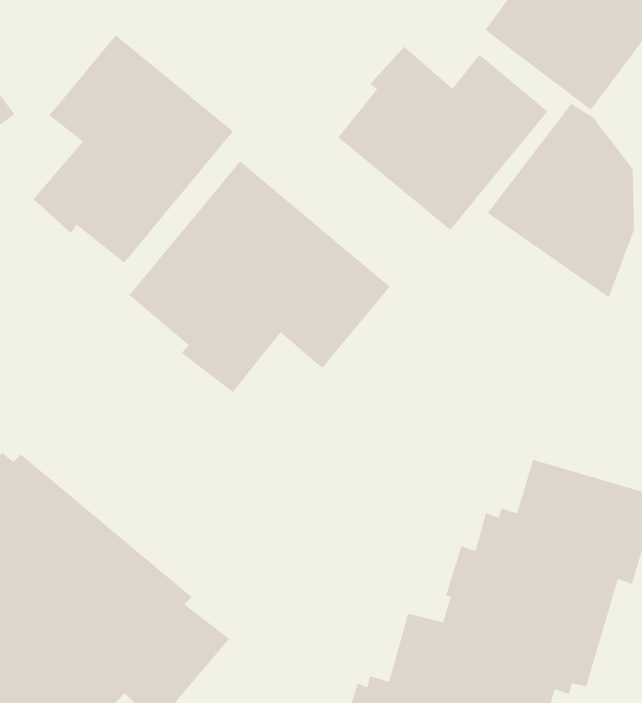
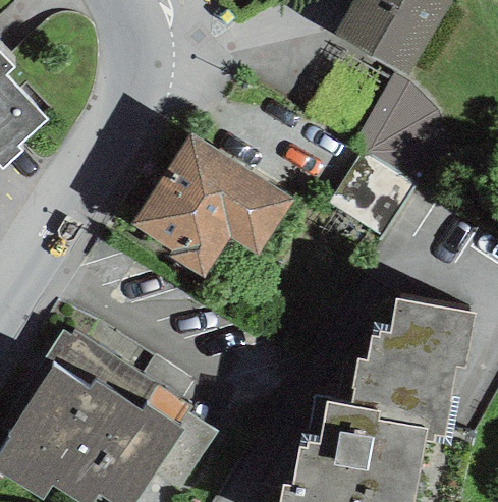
building: [33,35,234,264] -> none
building: [338,46,548,231] -> none

